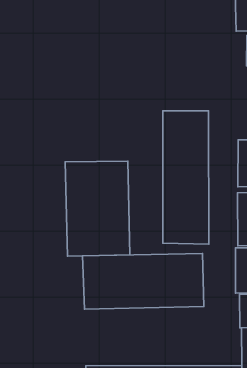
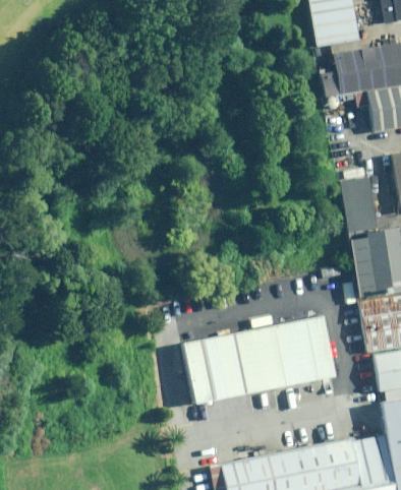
building: [163,111,209,244] -> none
building: [65,161,130,256] -> none

